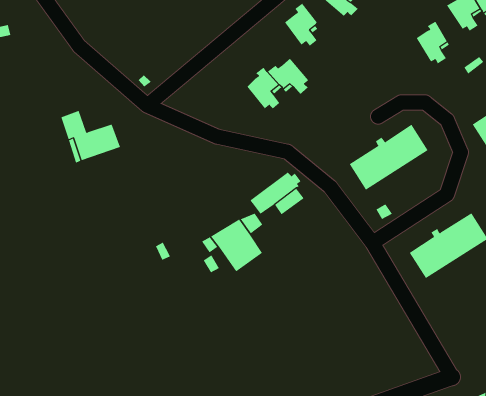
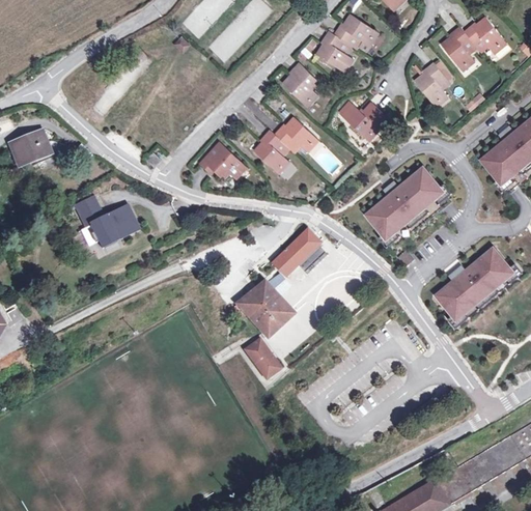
building: none -> [11,131,50,164]
building: none -> [340,102,387,138]
building: none -> [198,141,243,179]
building: none -> [245,337,281,376]

